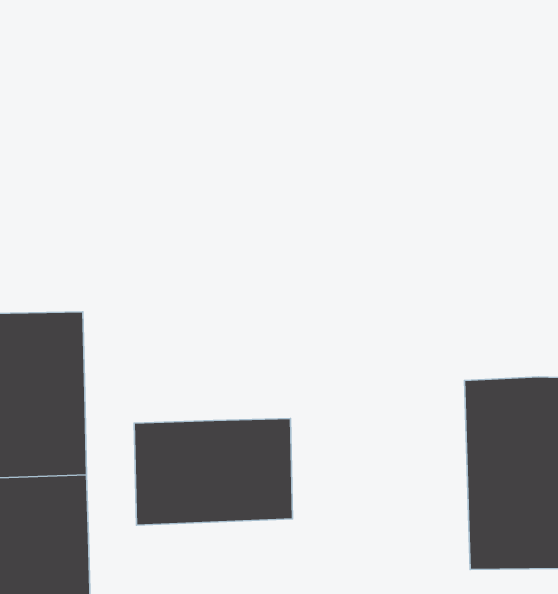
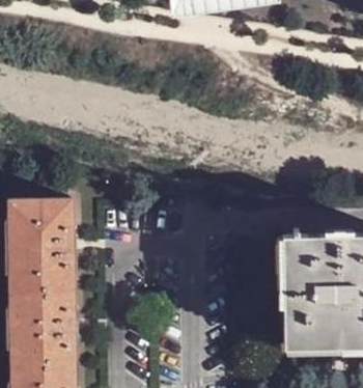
building: [134,418,293,525] -> none

